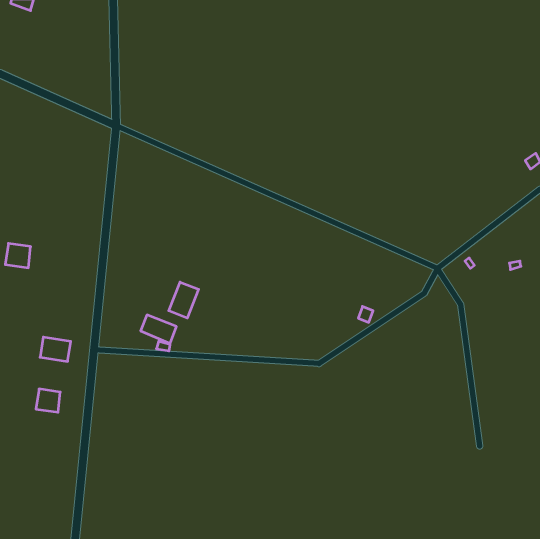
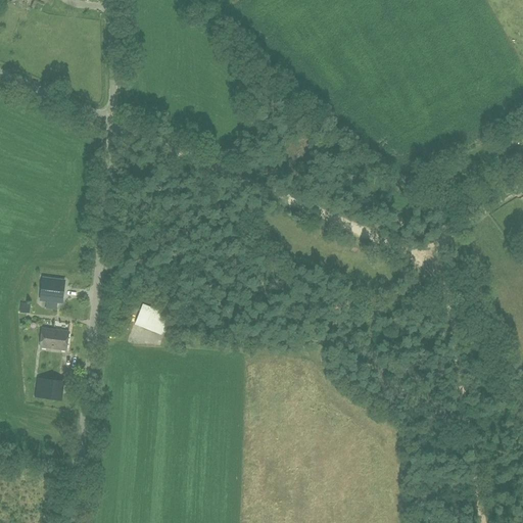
building: [5,243,31,268] -> [40,277,64,300]
building: [169,282,199,318] -> none

